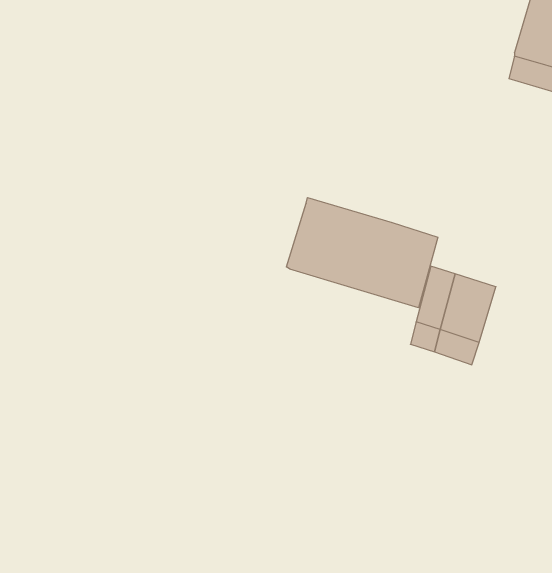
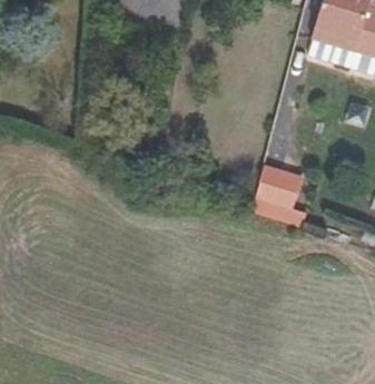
building: [286,198,438,308] -> none

